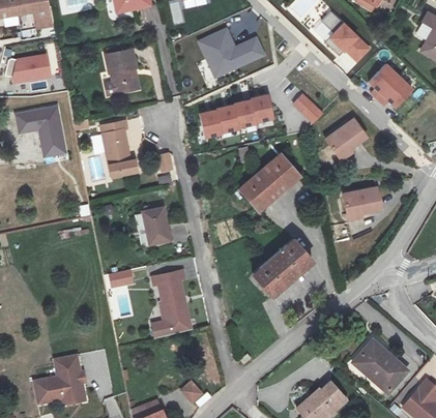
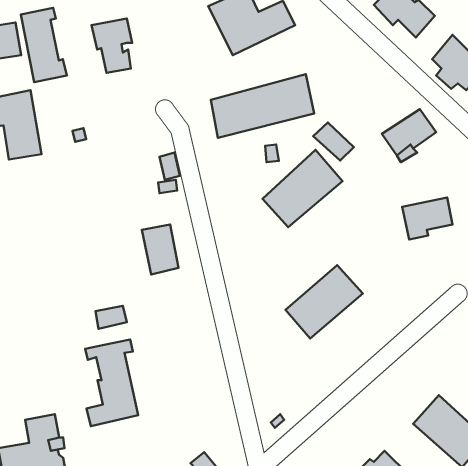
building: [289,95,320,124] -> [313,123,354,161]
building: [103,121,138,178] -> [21,8,67,82]
building: [151,271,192,337] -> [85,339,138,426]

